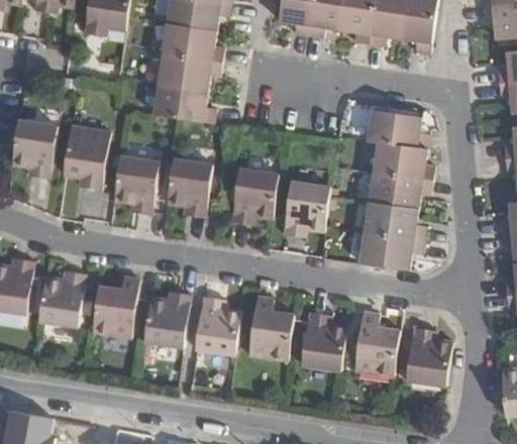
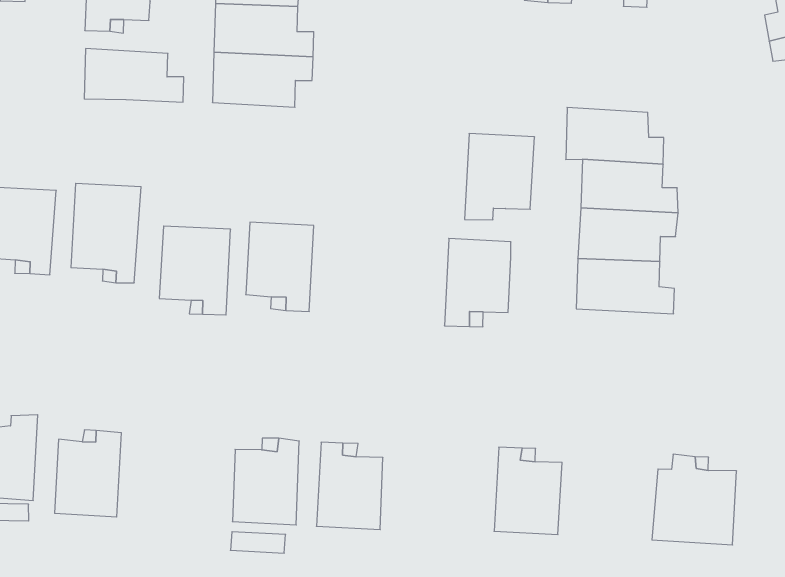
building: [154,84,216,122] -> [84,49,184,102]
building: [232,169,280,222] -> [465,134,535,220]
building: [361,231,424,269] -> none
building: [92,275,137,335] -> none
building: [249,295,294,357] -> none
building: [353,311,399,374] -> none

